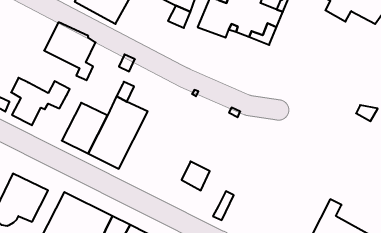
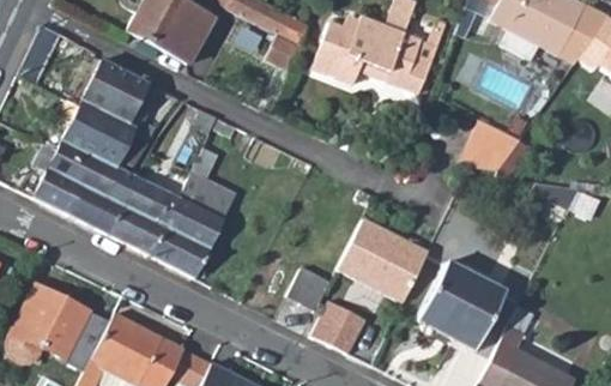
building: none -> [58,98,147,165]
building: none -> [465,119,536,180]
building: none -> [66,169,139,236]
building: none -> [337,222,428,303]
building: none -> [419,263,506,350]
building: none -> [313,300,355,349]

